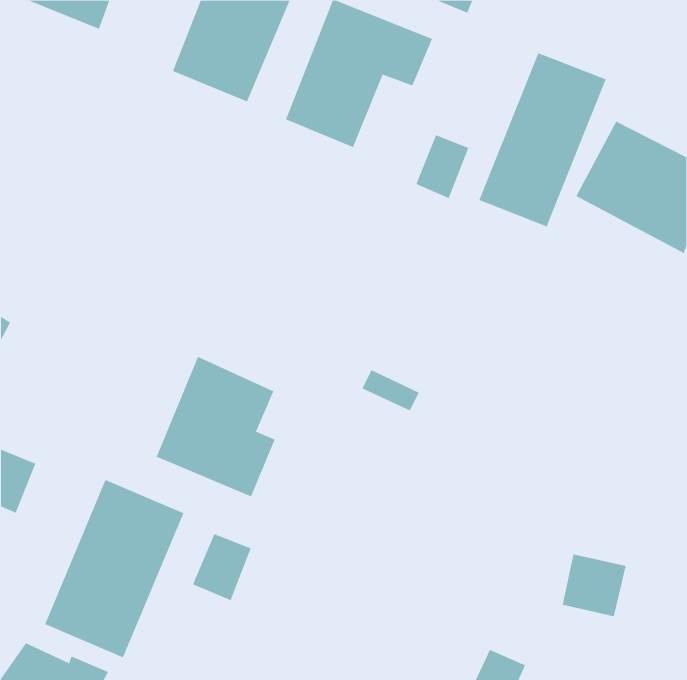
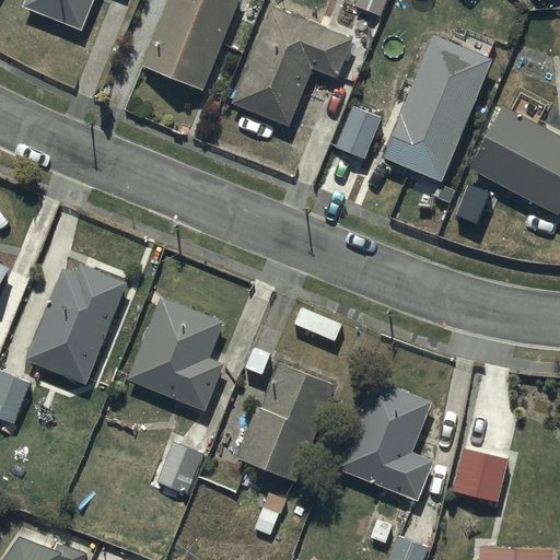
building: none -> [26,261,126,383]
building: none -> [234,360,335,479]
building: none -> [337,377,433,499]
building: [44,479,184,658] -> none

